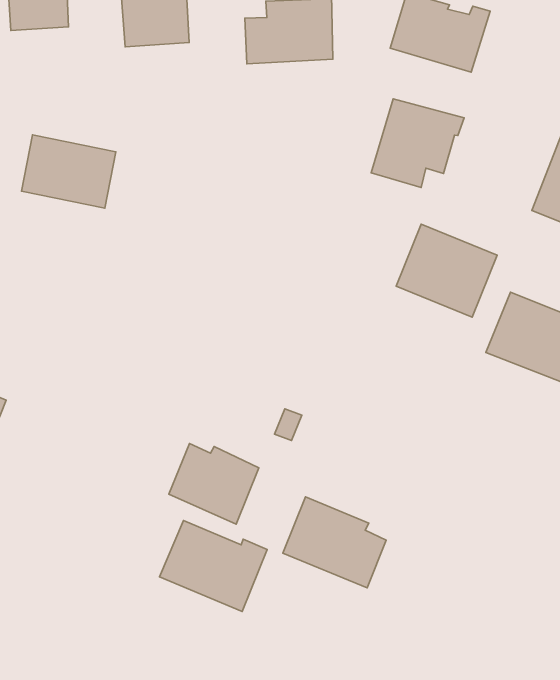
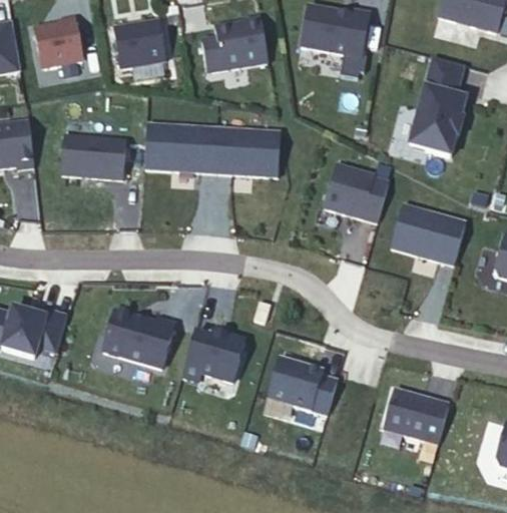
building: [371,99,464,187] -> none
building: none -> [144,123,277,174]
building: [159,521,267,611] -> [104,312,175,369]
building: none -> [384,389,447,443]

